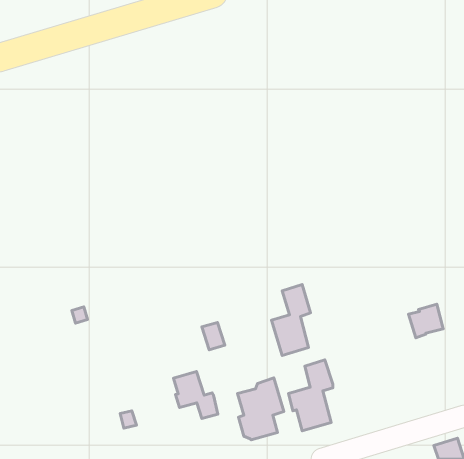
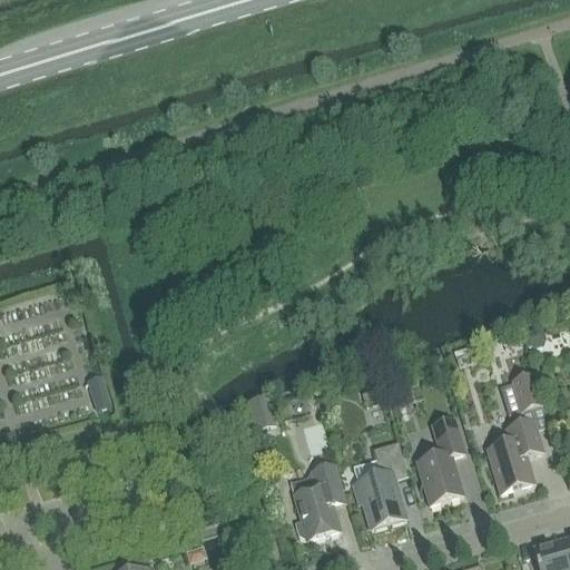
building: [271,285,310,356] -> [416,416,464,503]
building: none -> [487,417,542,492]
building: [173,371,218,418] -> none

